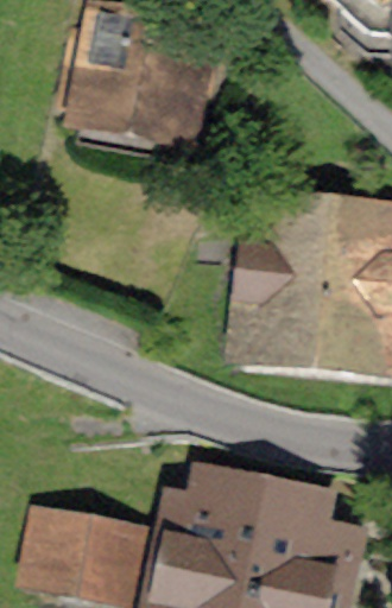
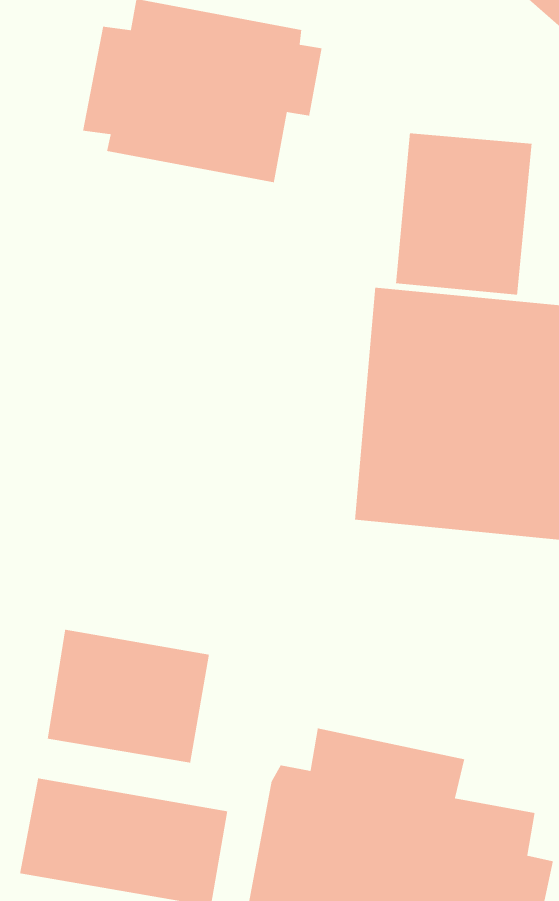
building: none -> [395,133,532,296]
building: none -> [47,629,210,764]

